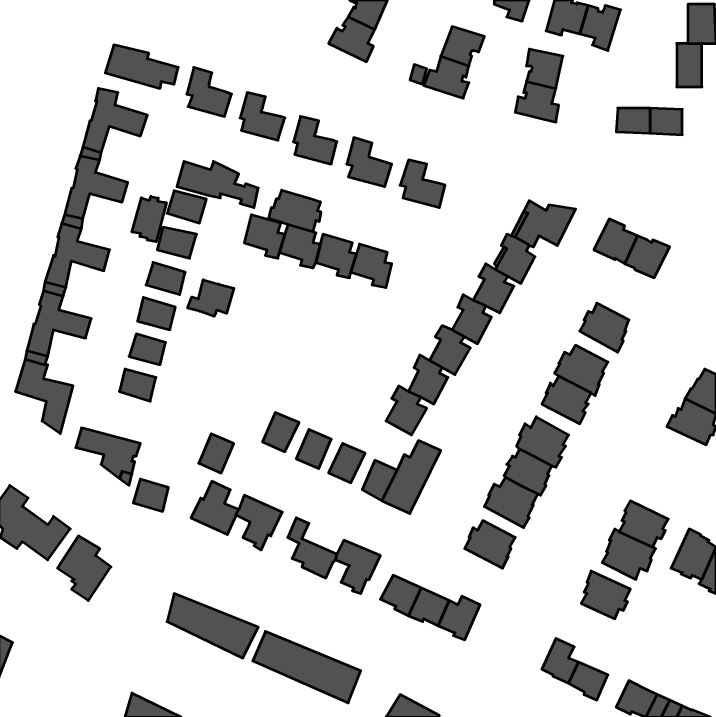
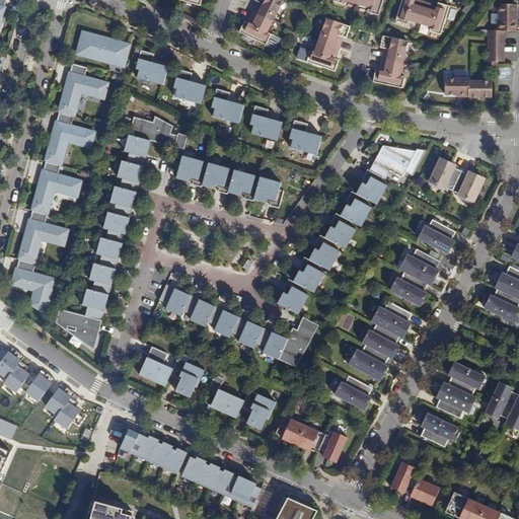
building: [269,190,321,231] -> none
building: [132,196,166,242] -> none
building: [188,280,234,316] -> none
building: [199,434,234,473] -> [164,289,190,317]
building: [133,479,168,511] -> [79,291,104,314]

